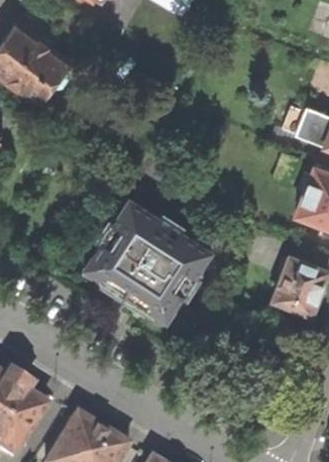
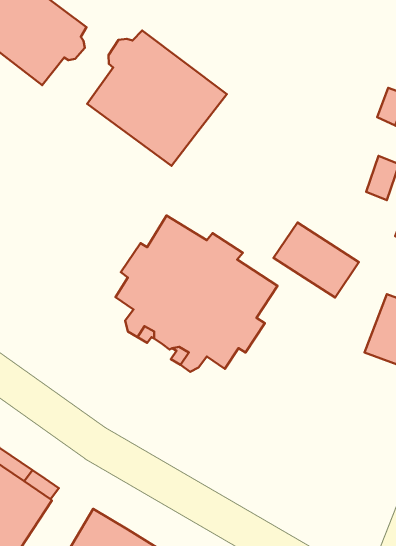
building: none -> [87,30,227,166]
building: none -> [274,222,359,298]

